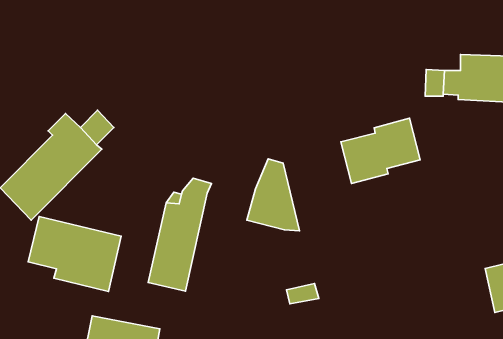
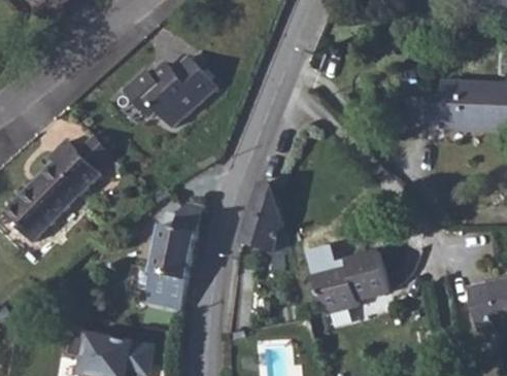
building: none -> [123,55,215,127]
building: [341,118,420,184] -> [312,250,388,313]
building: [28,216,121,291] -> none

